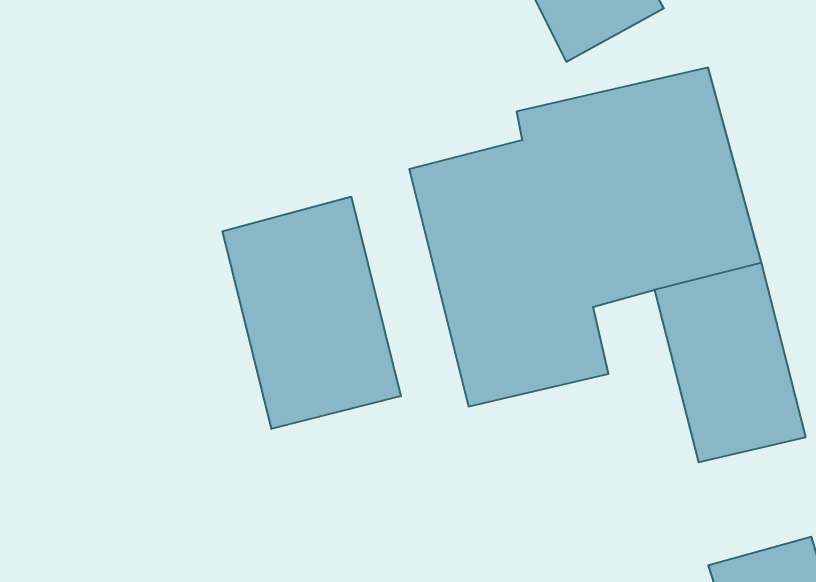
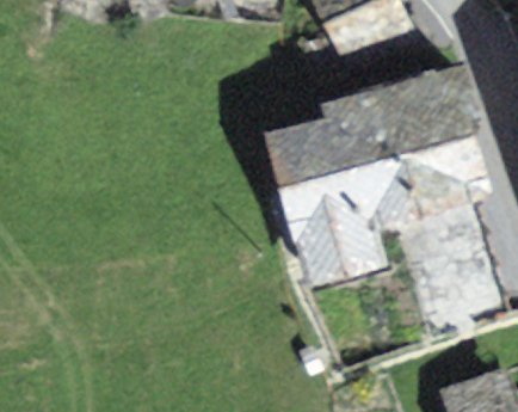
building: [223,197,401,429] -> none

